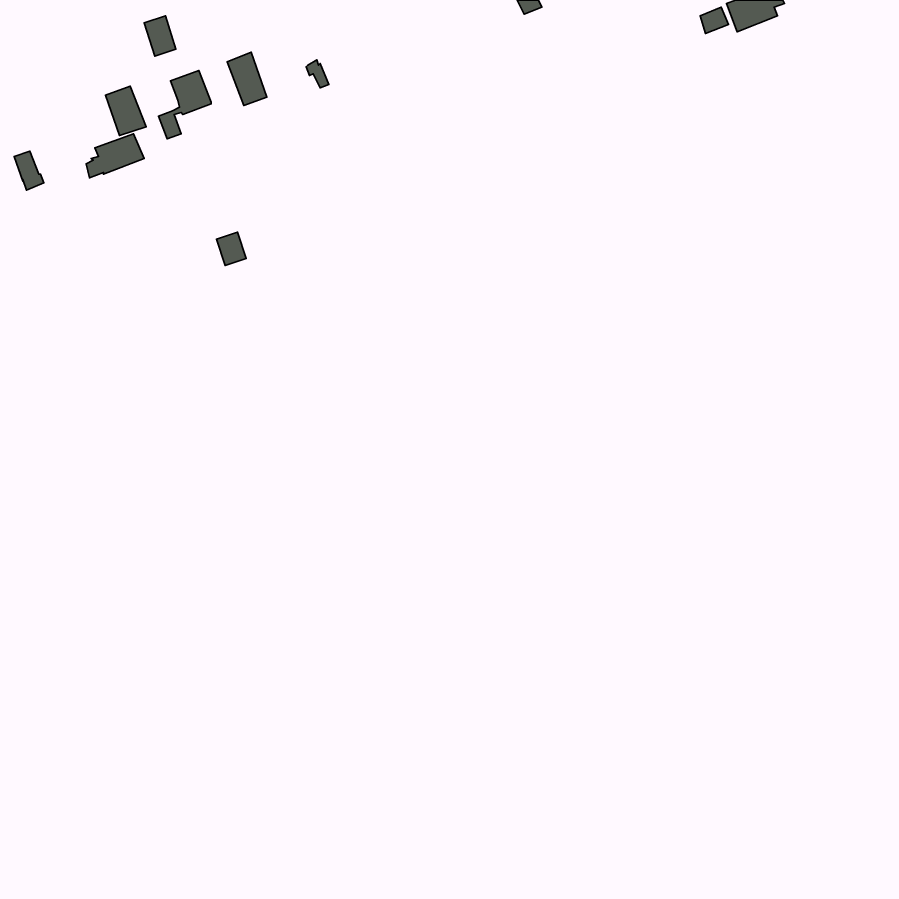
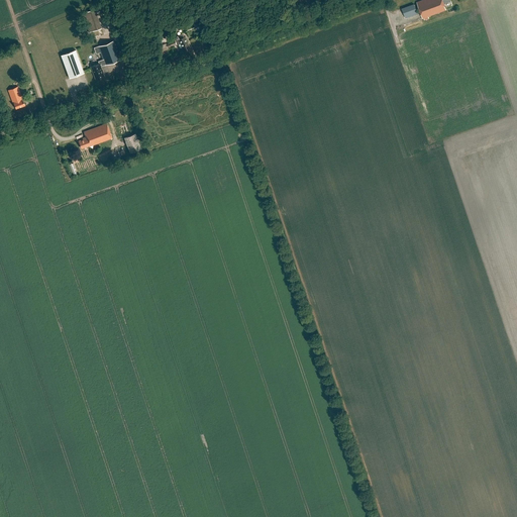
building: [227,52,267,106] -> none
building: [86,134,144,178] -> [79,123,112,148]

